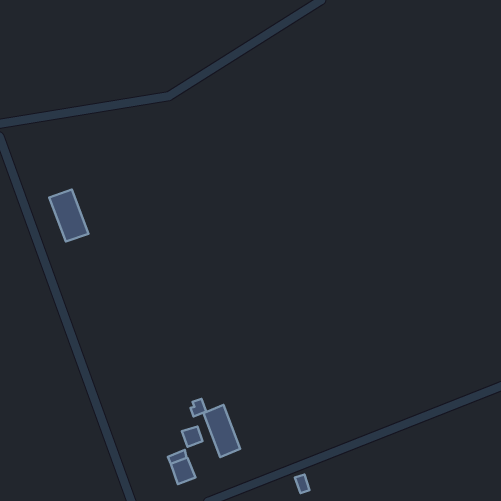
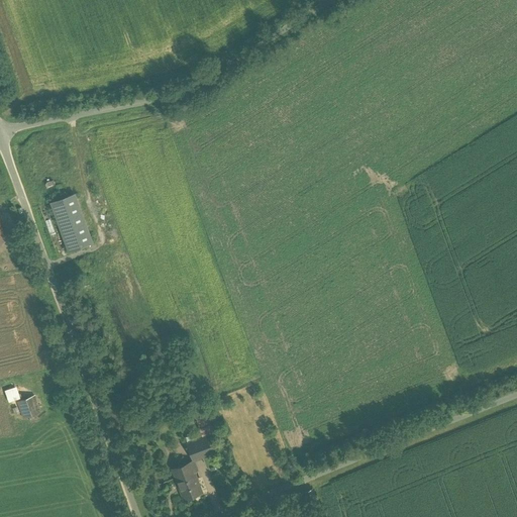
building: none -> [17,396,39,423]
building: [204,405,240,457] -> none

